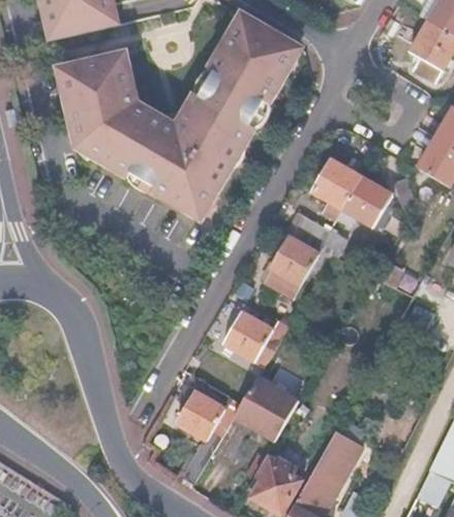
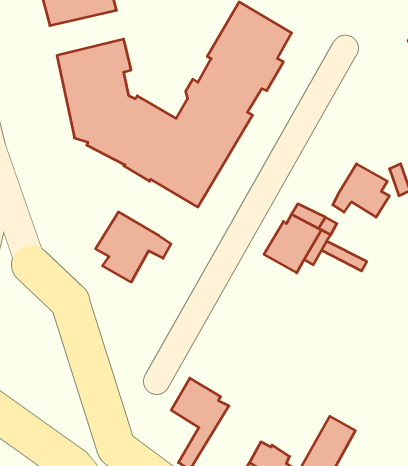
building: [311,157,361,206] -> none
building: none -> [96,212,171,282]
building: [224,311,289,367] -> none
building: [234,375,297,439] -> none

